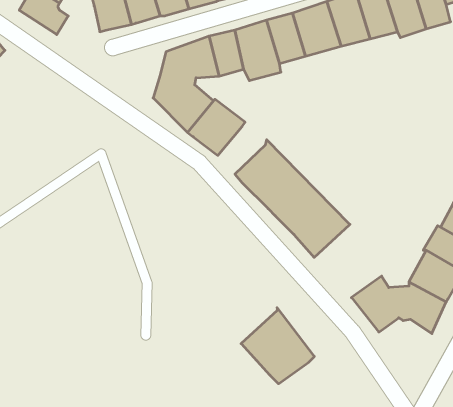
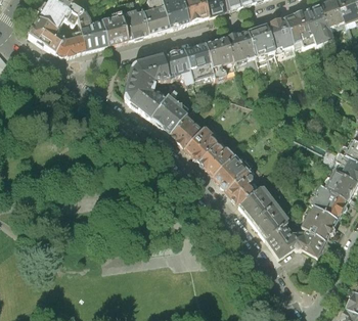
building: none -> [54,29,85,53]
building: none -> [169,114,203,148]
building: [241,308,314,384] -> [237,182,289,236]

